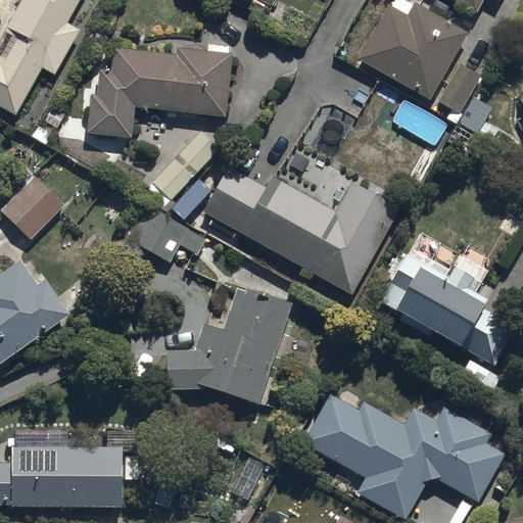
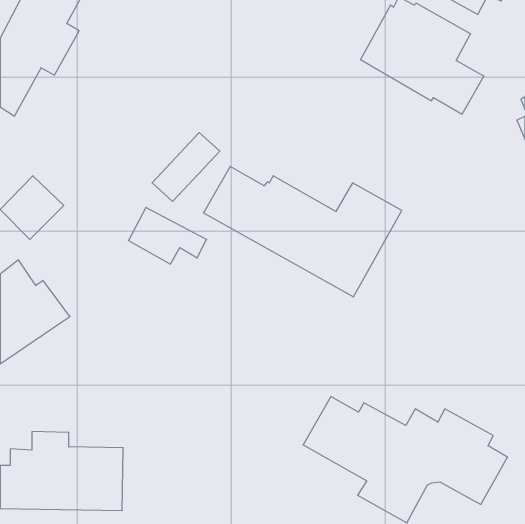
building: [86,43,232,137] -> none
building: [379,248,516,366] -> none
building: [164,289,292,405] -> none

